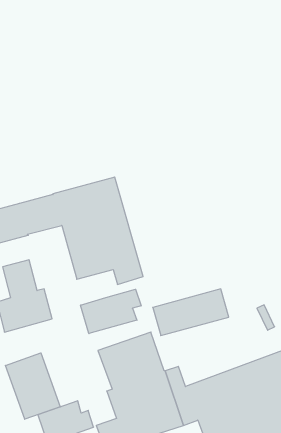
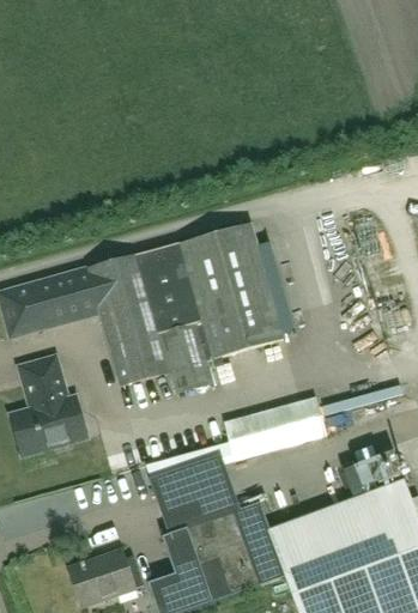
building: none -> [171,221,289,380]
building: [81,289,141,334] -> none
building: [5,353,60,419] -> none

